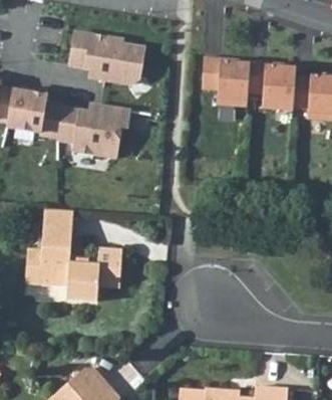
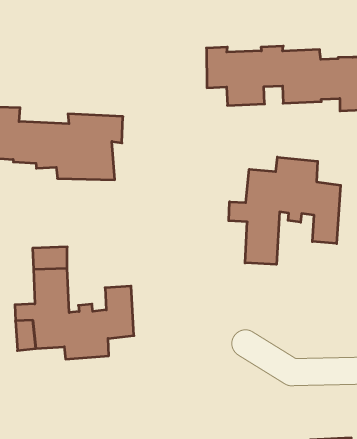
building: [66,28,147,82] -> none
building: none -> [229,157,341,264]

